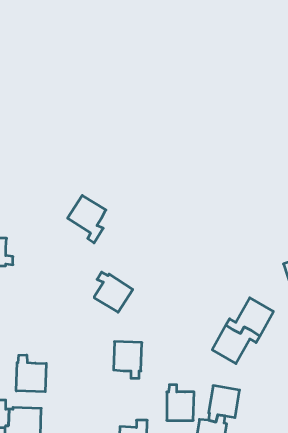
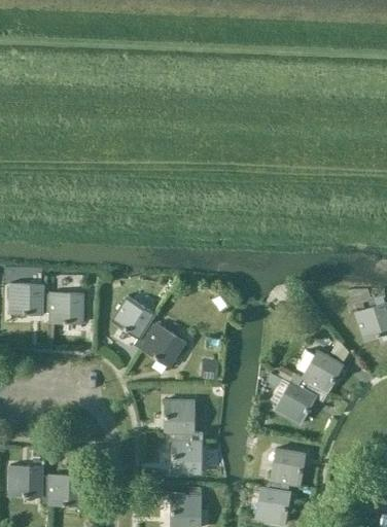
building: [68,195,106,243] -> [112,295,155,349]
building: none -> [42,291,83,323]
building: [16,355,46,392] -> none
building: [167,385,194,420] -> [172,432,203,472]

